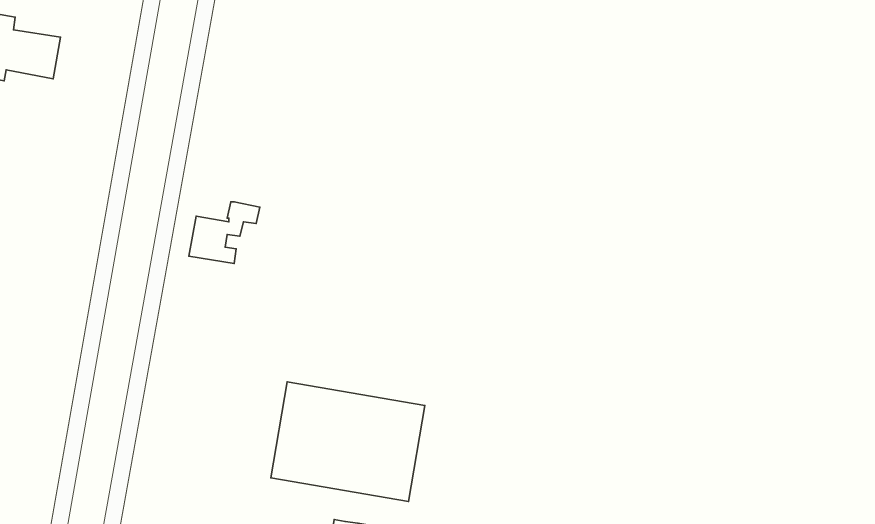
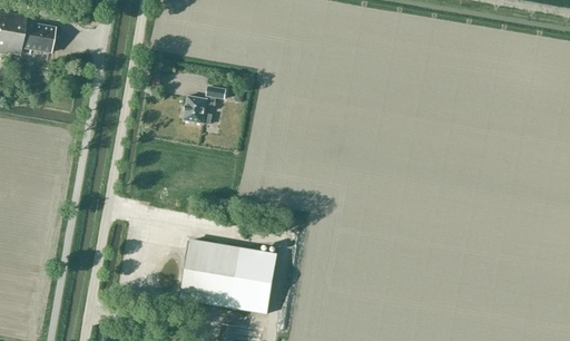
building: [189,202,260,263] -> [181,86,225,124]

